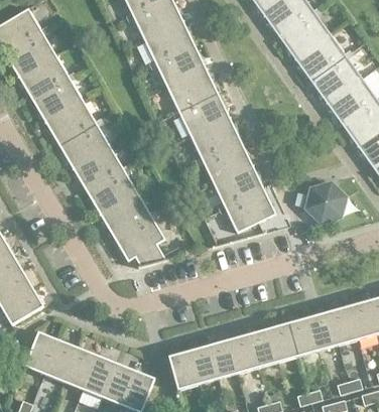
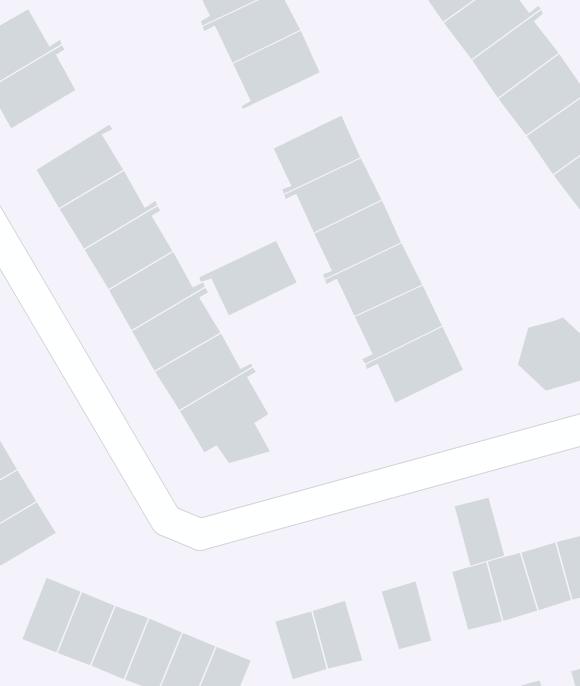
building: [149,43,206,87] -> [198,240,298,316]
building: [17,53,74,99] -> none
building: [248,327,277,367] -> [454,497,505,566]
building: [208,338,238,378] -> none

